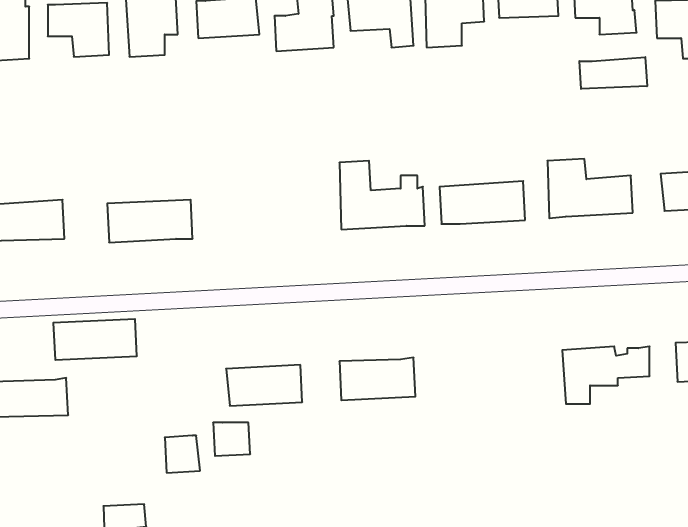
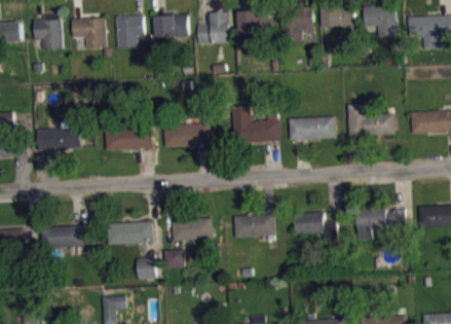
building: [579,57,647,89] -> none
building: none -> [163,123,211,147]
building: [53,319,137,360] -> [107,221,153,244]
building: none -> [295,212,337,240]

